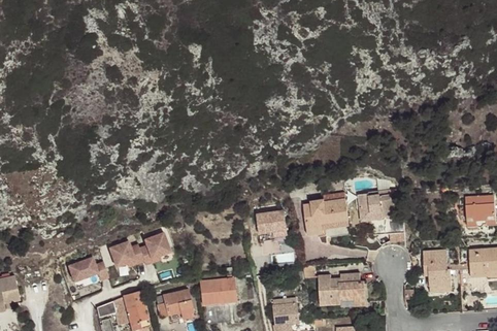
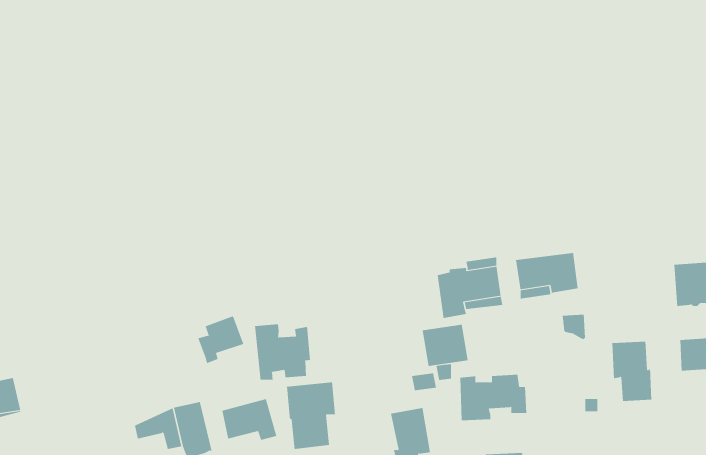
building: [256,211,288,240] -> [422,324,469,366]
building: none -> [255,324,310,381]
building: [109,242,144,268] -> none
building: [68,258,109,283] -> none

